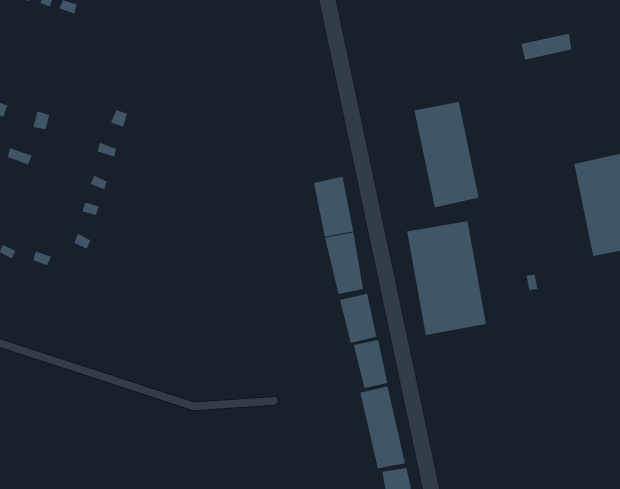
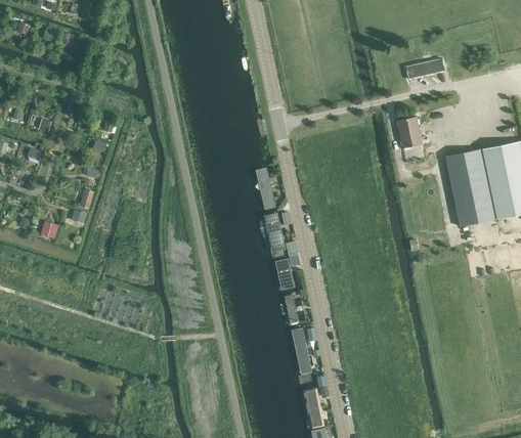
building: [414,101,479,208] -> none
building: none -> [398,117,423,148]
building: [406,221,486,336] -> none

